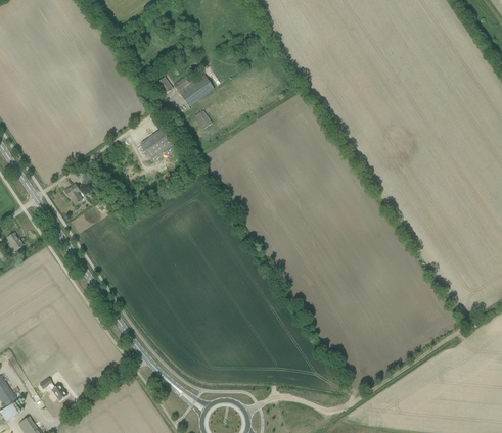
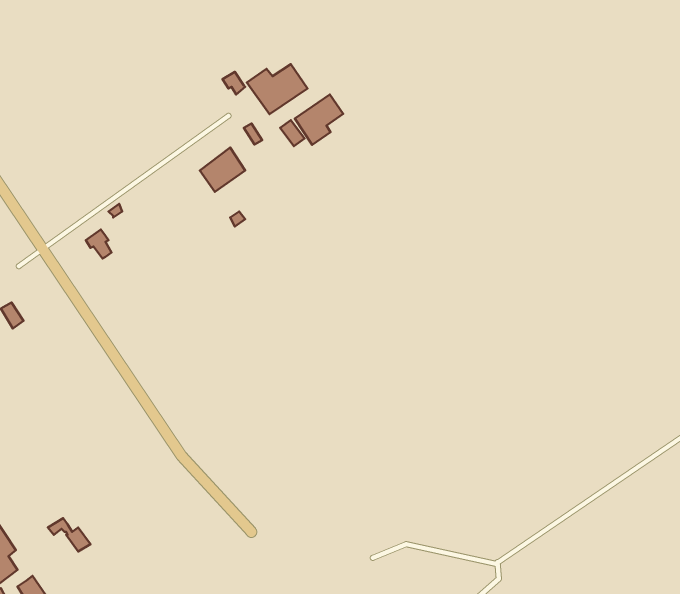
building: none -> [295,94,343,145]

